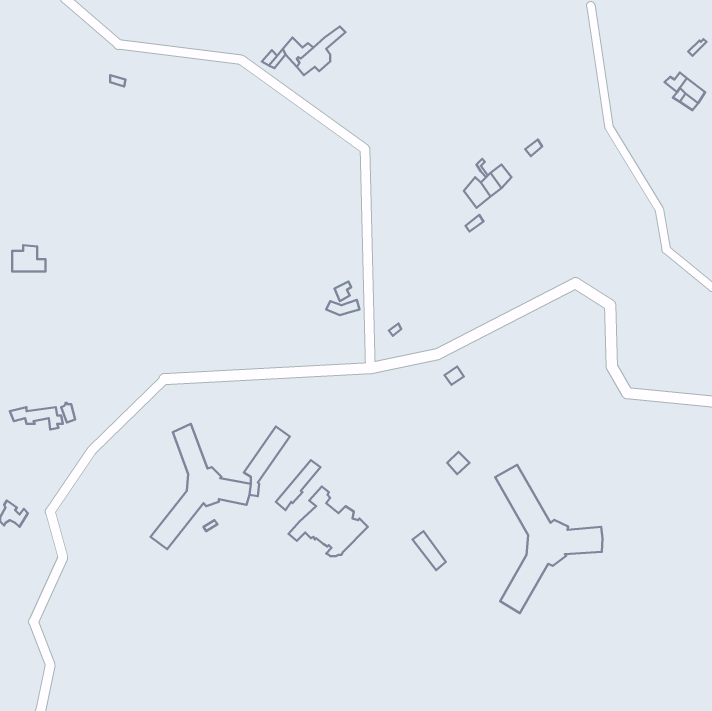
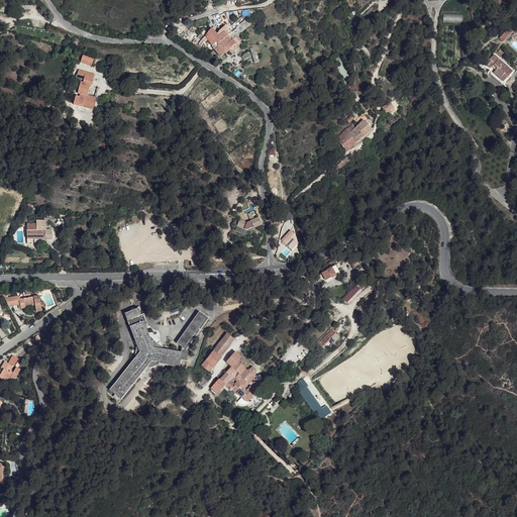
building: none -> [77,70,95,110]
building: [12,245,46,272] -> [27,218,51,237]
building: [495,465,602,613] -> none

